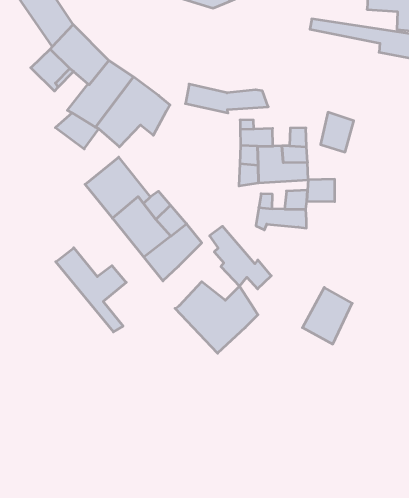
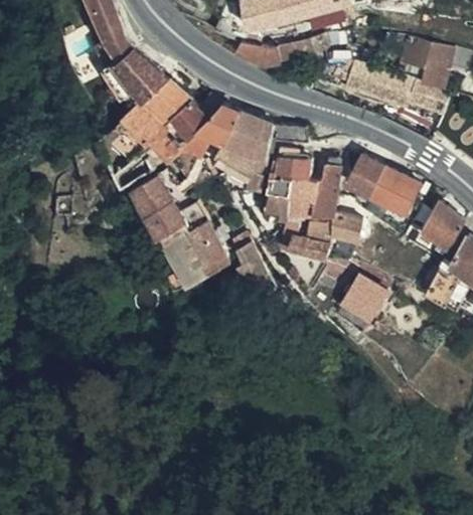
building: none -> [213,140,264,174]
building: none -> [366,166,412,208]
building: [56,248,126,332] -> none
building: [175,282,258,353] -> none
building: [302,287,352,344] -> [339,273,387,325]

